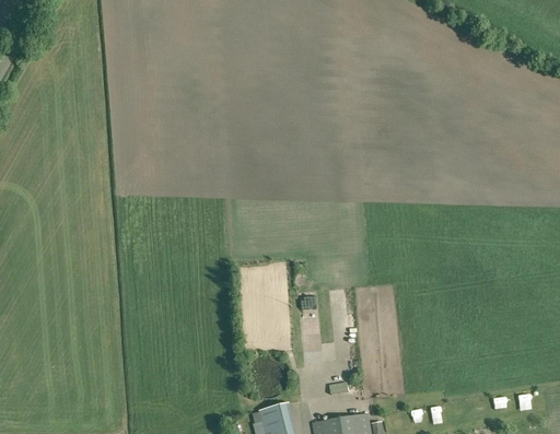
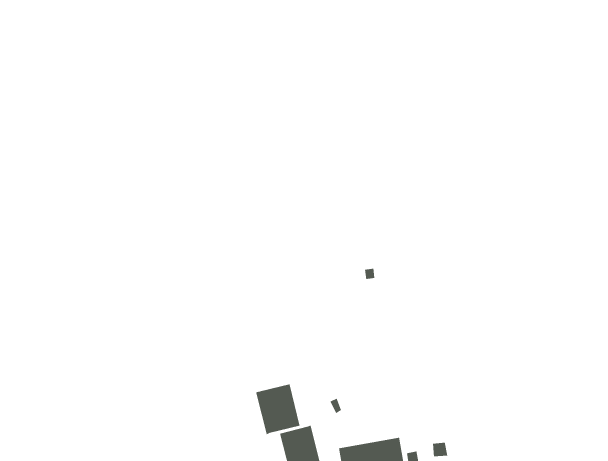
building: none -> [255,384,300,435]

